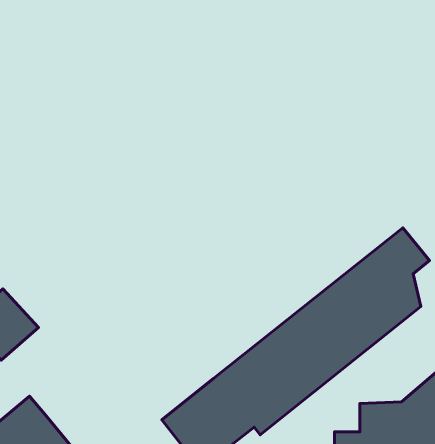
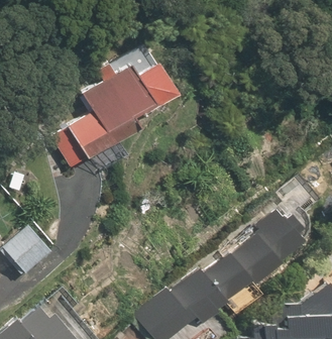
building: none -> [52,42,176,168]

